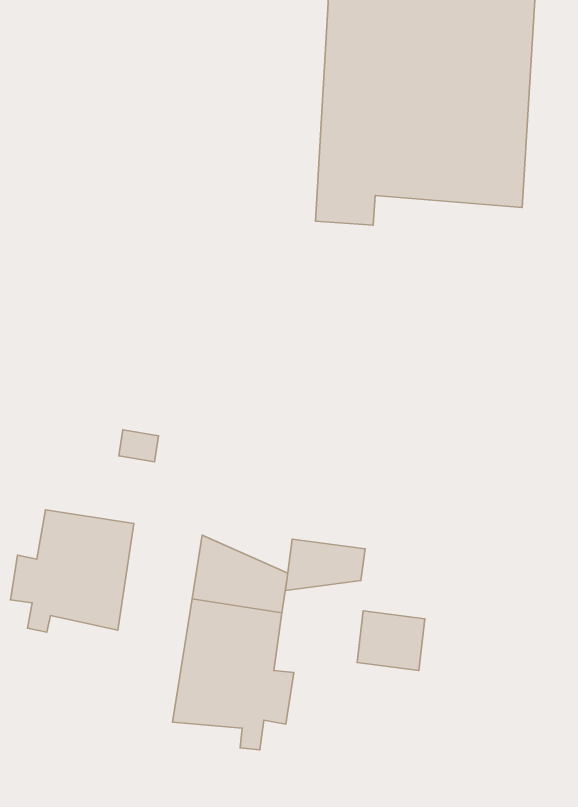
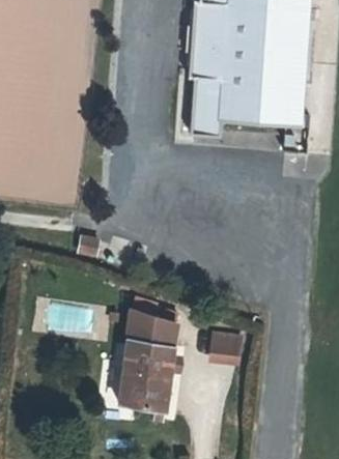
building: [11,510,134,632] -> none
building: [285,539,365,590] -> none

